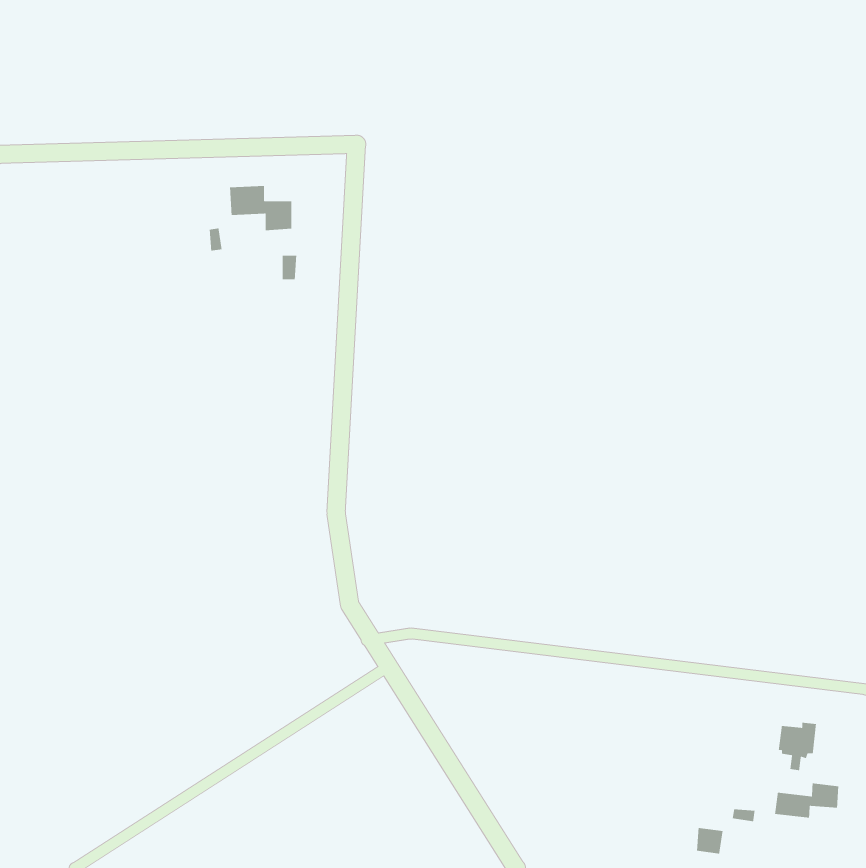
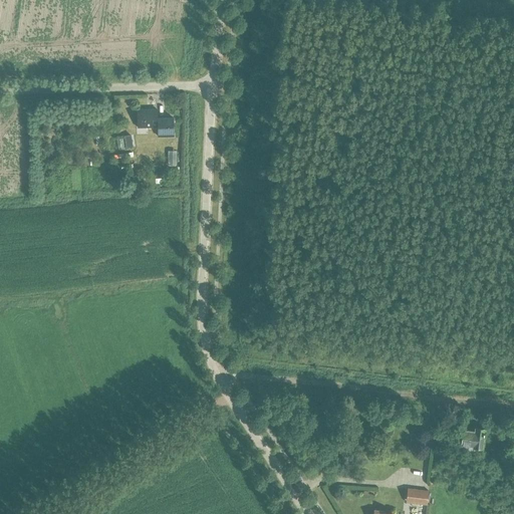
building: [774,782,839,819] -> none

